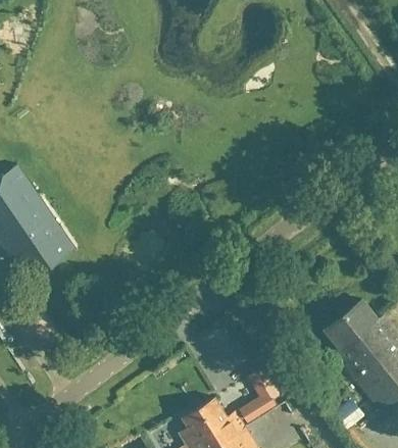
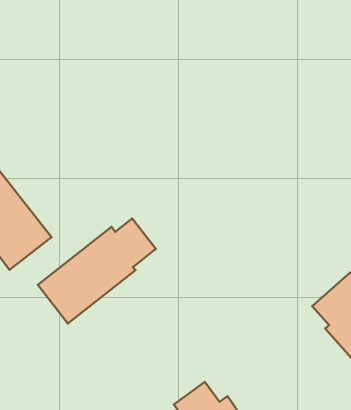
building: none -> [38,219,156,323]
building: [240,367,278,421] -> none

